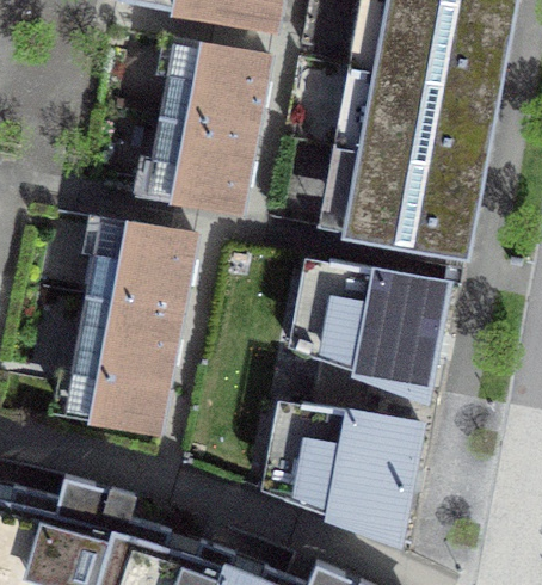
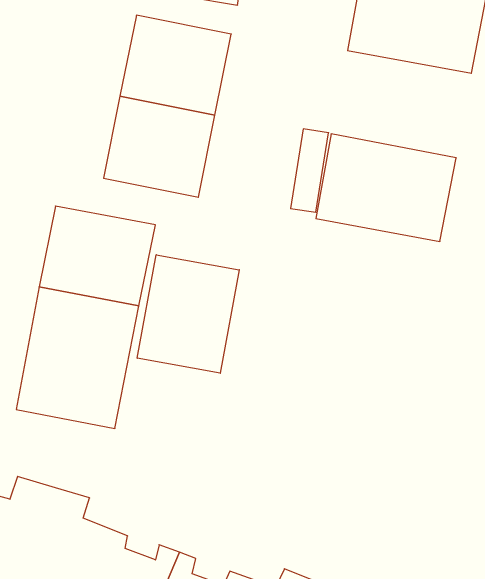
building: [362,75,494,177] -> none
building: [309,264,446,401] -> none
building: none -> [137,255,239,373]
building: [285,406,419,543] -> none

